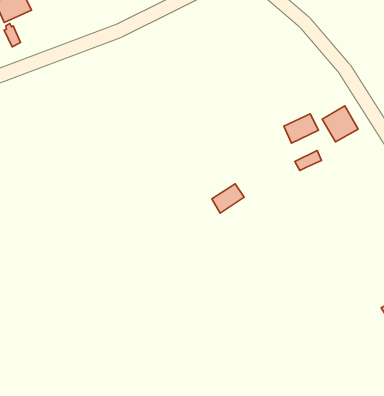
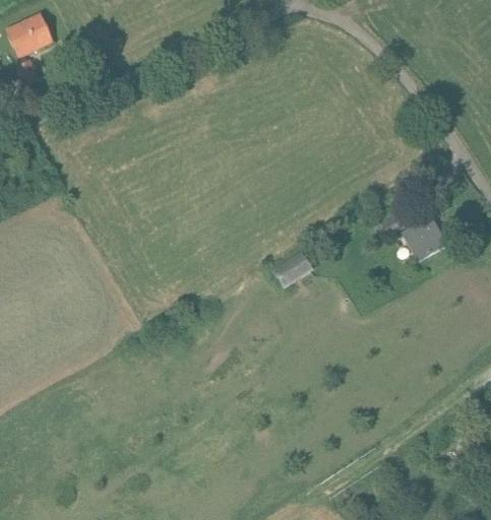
building: [322,106,358,142] -> [403,214,446,258]
building: [284,114,318,143] -> none

